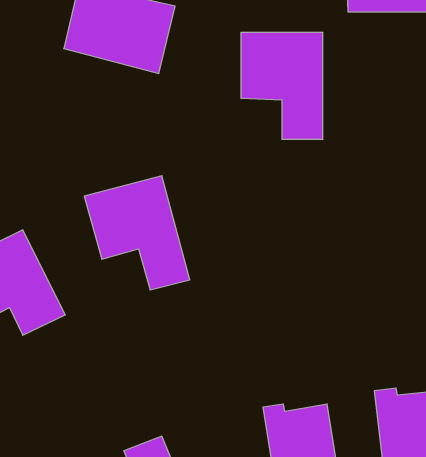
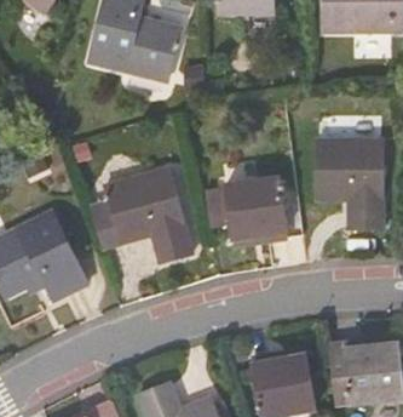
building: [241,32,323,139] -> [313,141,381,229]
building: none -> [225,179,286,241]

